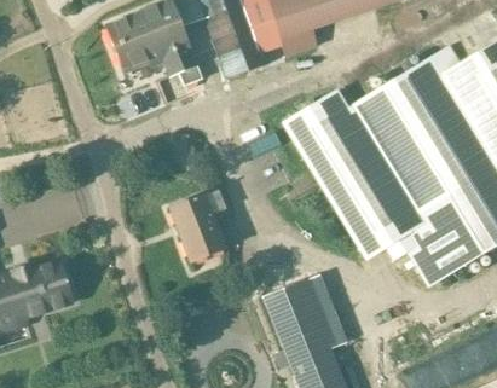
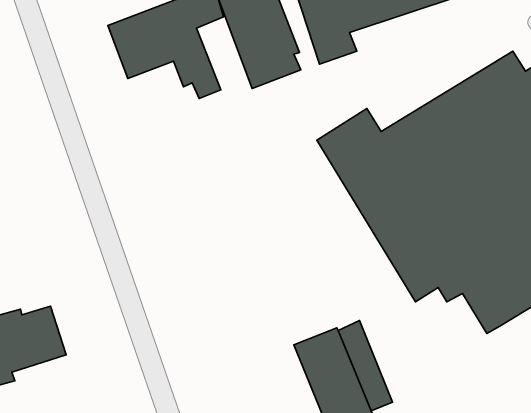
building: [171,195,225,261] -> none

